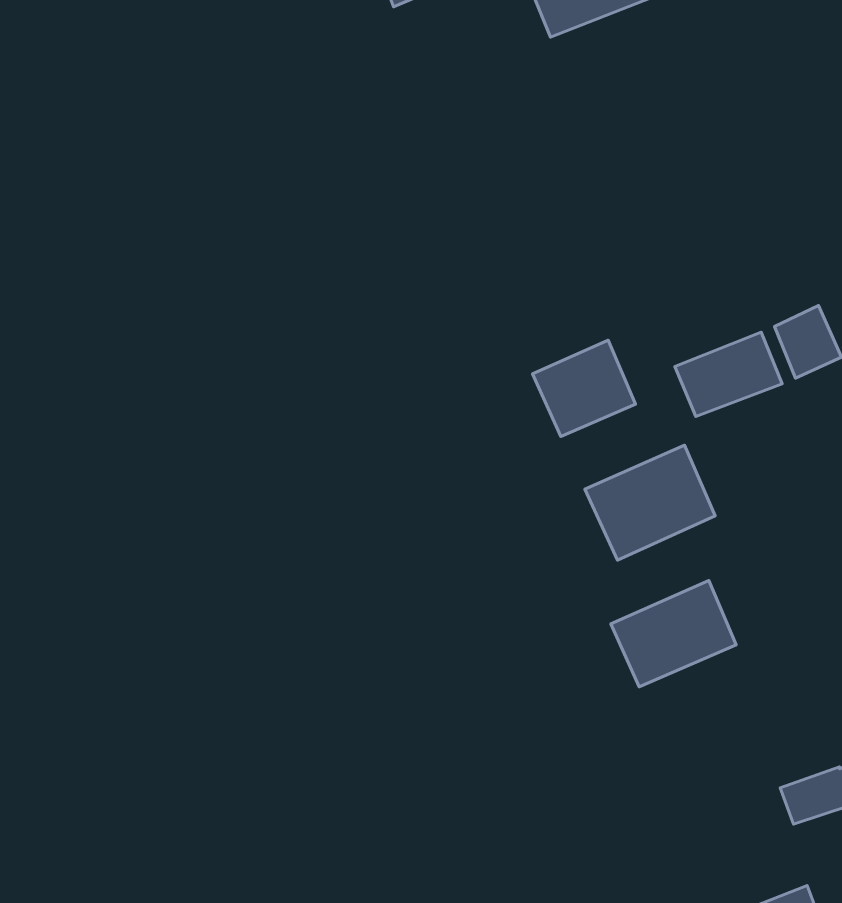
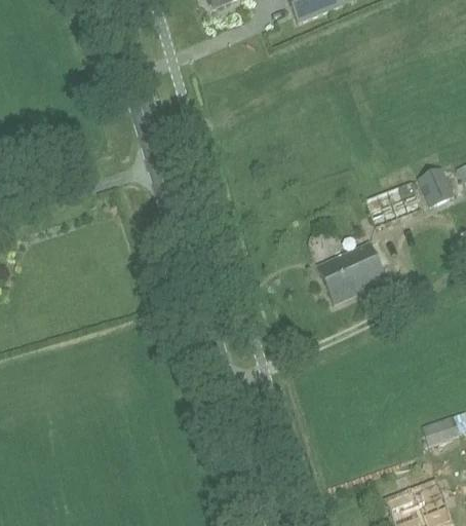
building: [532,340,636,436] -> none
building: [611,580,736,687] -> none

